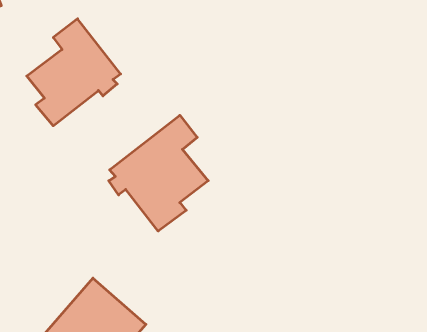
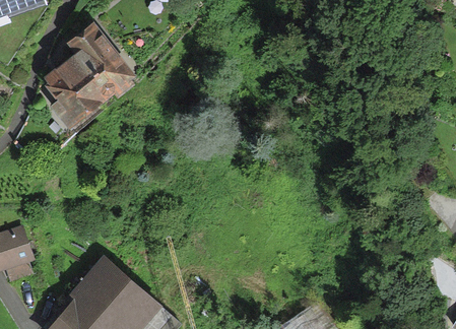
building: [109,115,208,231] -> none

